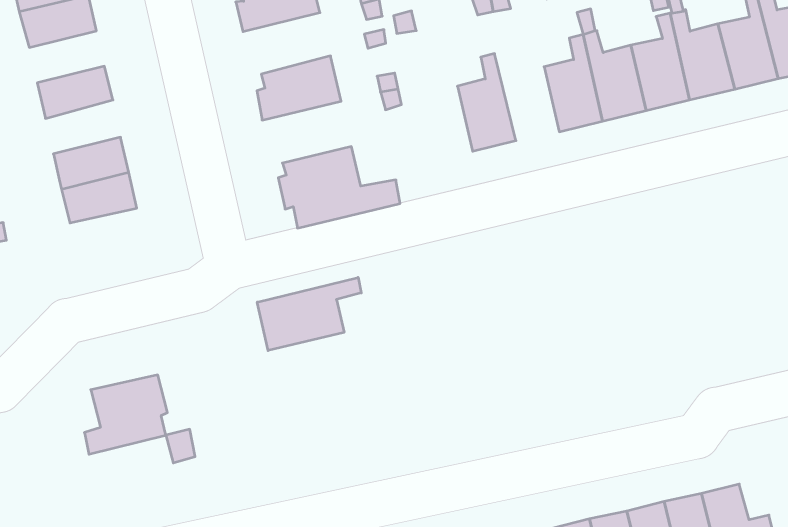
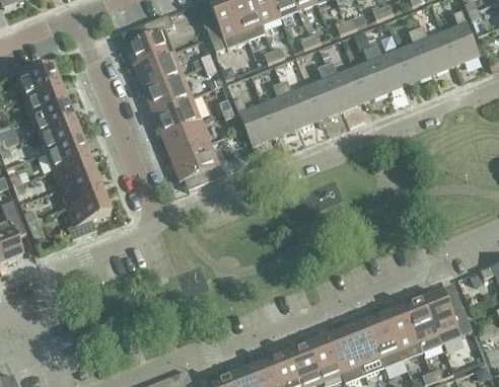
building: none -> [144,73,193,110]
building: none -> [31,100,73,133]
building: none -> [280,79,320,126]
building: none -> [235,96,276,144]
building: none -> [46,136,87,169]
building: none -> [161,119,211,156]
building: [257,277,361,351] -> none
building: [84,375,167,454] -> [67,191,111,239]

